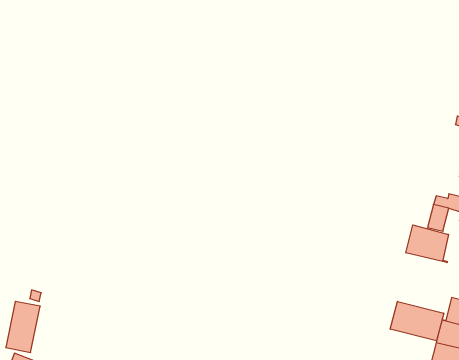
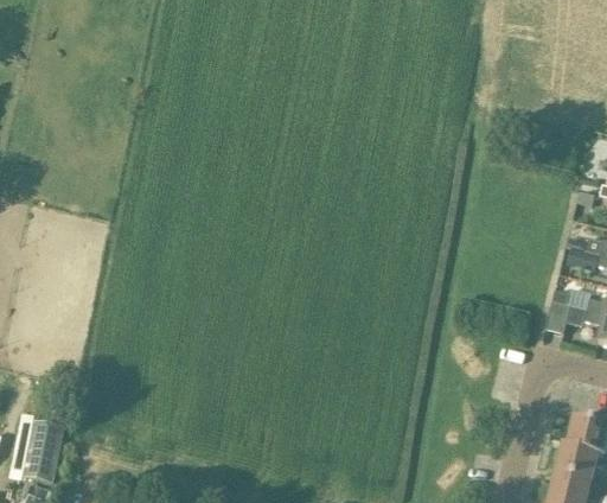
building: [406,225,449,263] -> none
building: [390,301,444,341] -> none

